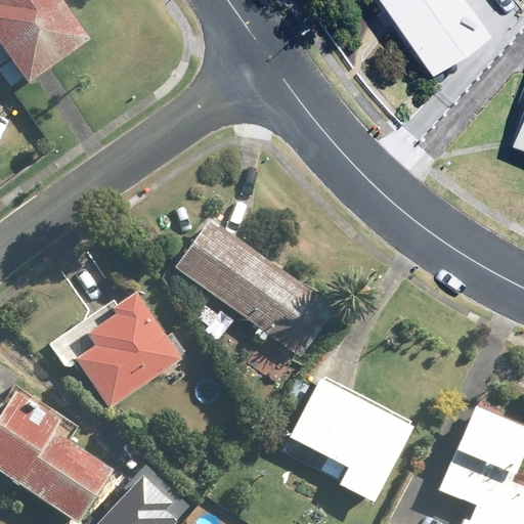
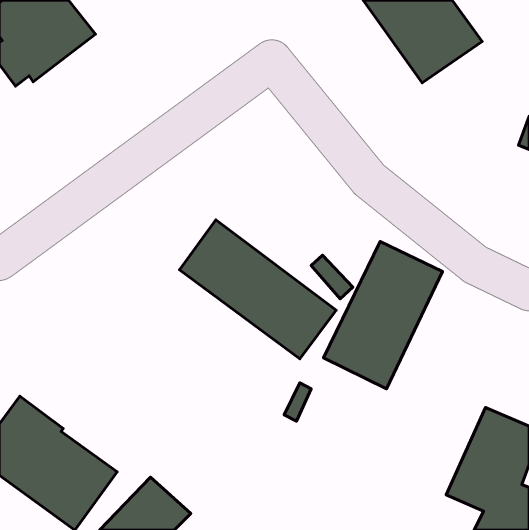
building: none -> [323,241,442,389]
building: [77,292,184,408] -> none
building: [283,377,411,496] -> none

